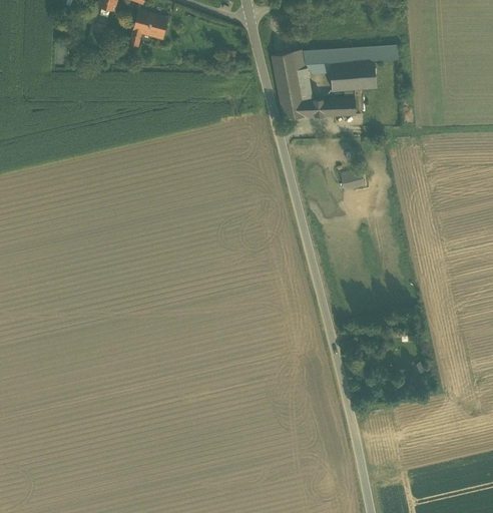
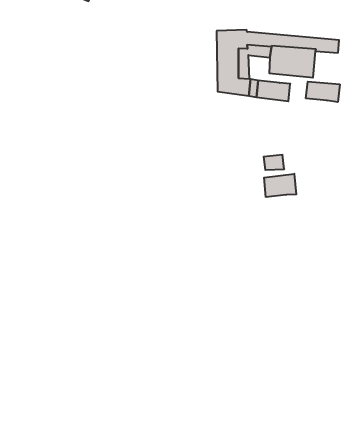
building: none -> [306,82,340,102]
building: none -> [264,174,296,197]

